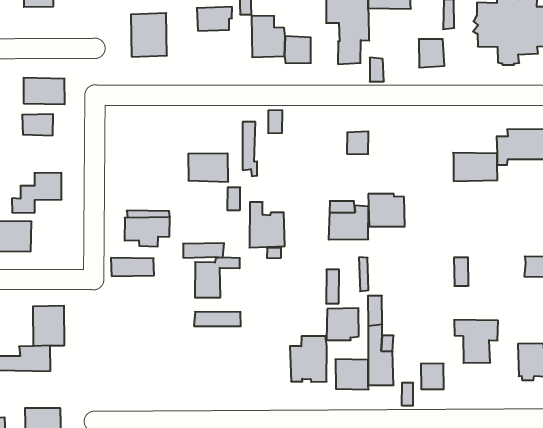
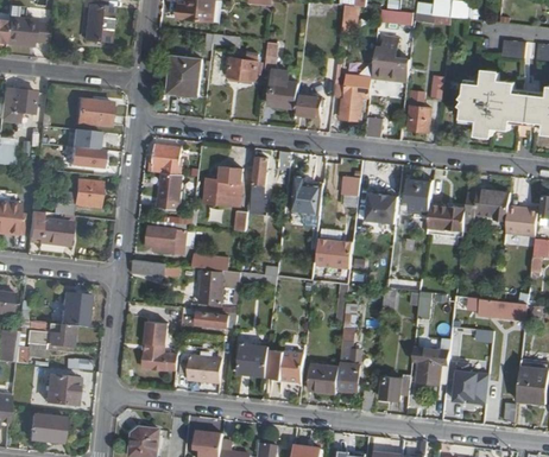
building: none -> [152,142,191,203]
building: none -> [410,177,434,205]
building: none -> [68,146,102,169]
building: [368,194,405,227] -> [366,192,398,223]
building: [249,202,285,248] -> [291,174,323,215]
building: [327,308,359,340] -> [239,344,269,373]
building: none -> [141,320,177,370]
building: none -> [187,355,222,383]

